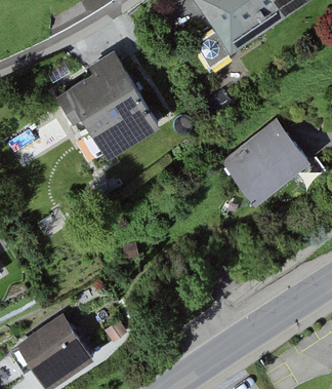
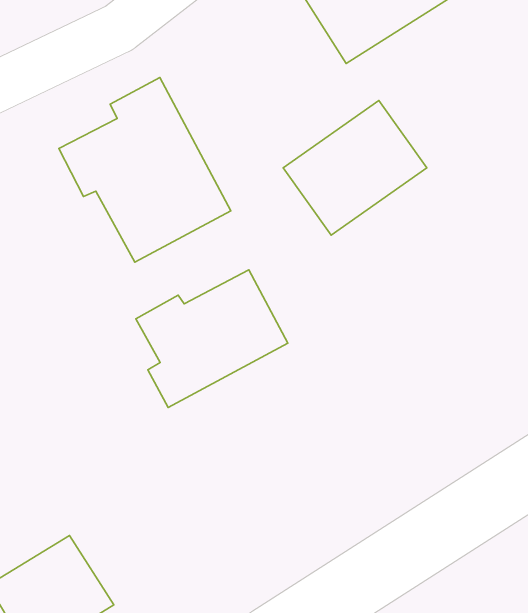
building: [223,124,306,202] -> [283,100,427,235]
building: none -> [136,270,288,408]

